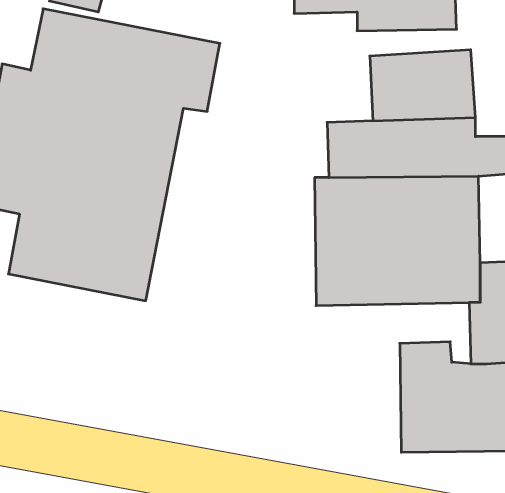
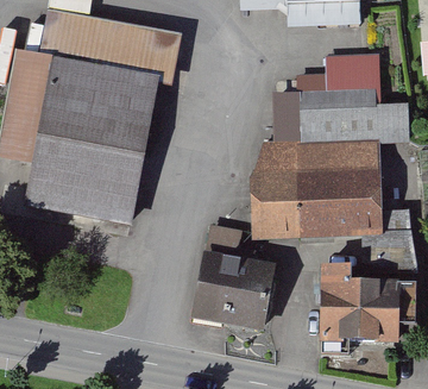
building: none -> [191,224,275,330]

